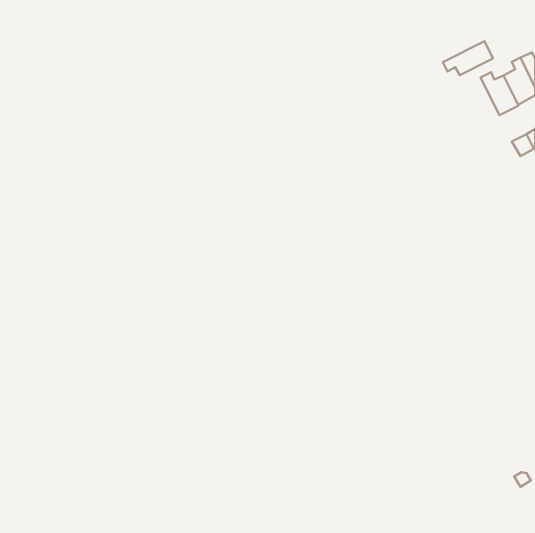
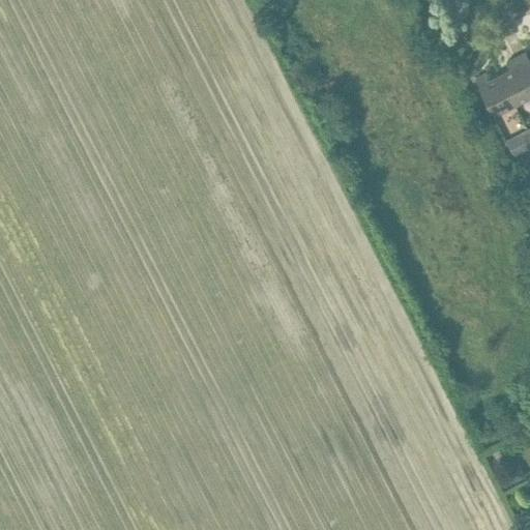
building: [443,41,493,75] -> none

